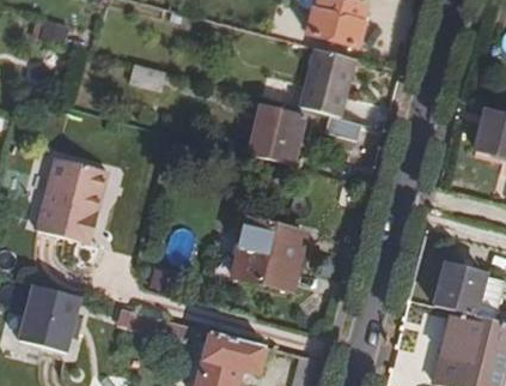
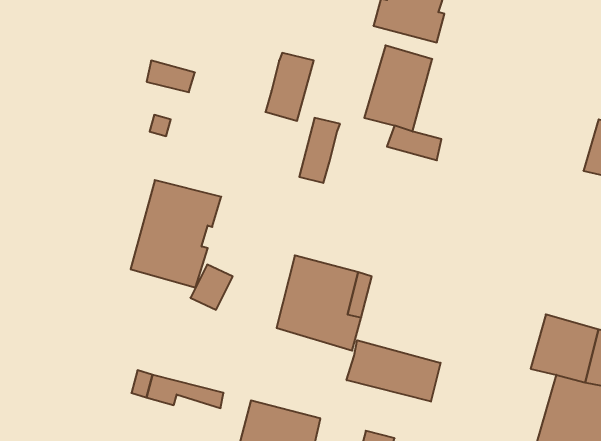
building: [268,111,306,165] -> [265,53,314,121]
building: [36,158,108,243] -> [131,180,221,287]
building: none -> [347,340,441,402]
building: [30,287,93,355] -> none

